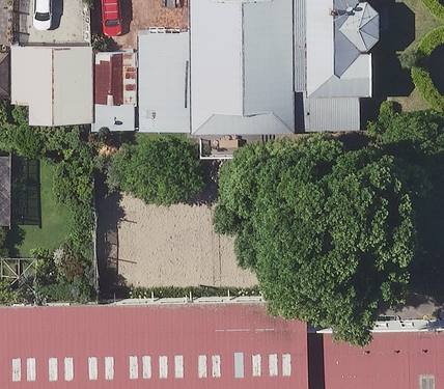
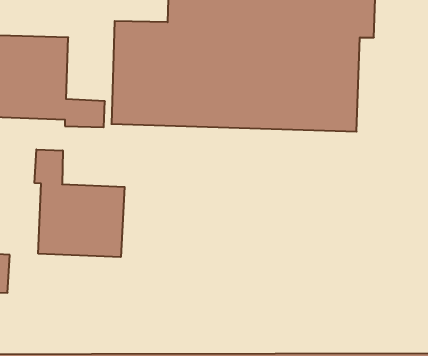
building: none -> [35,149,125,257]

